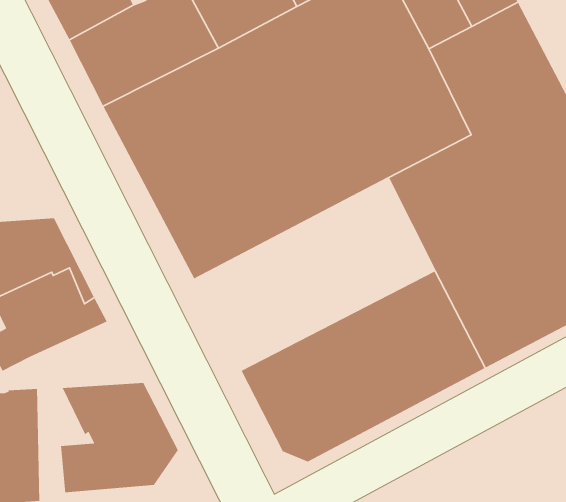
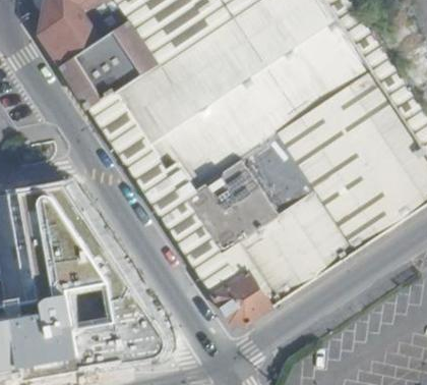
building: none -> [158,132,313,268]
building: none -> [57,244,132,292]

